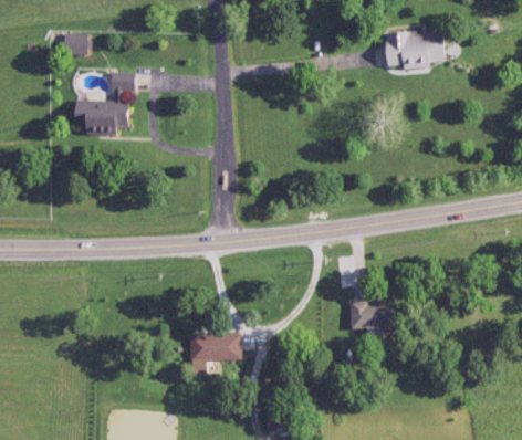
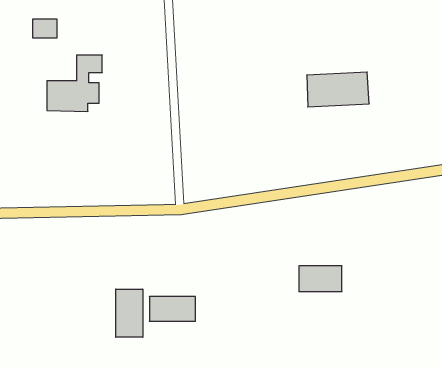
building: [385,30,452,67] -> [307,72,369,107]
building: none -> [116,289,143,337]

